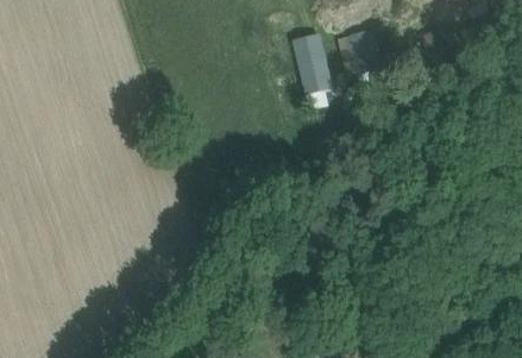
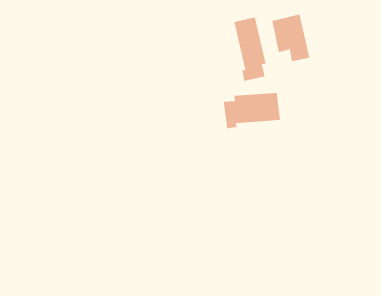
building: none -> [223,92,281,129]

